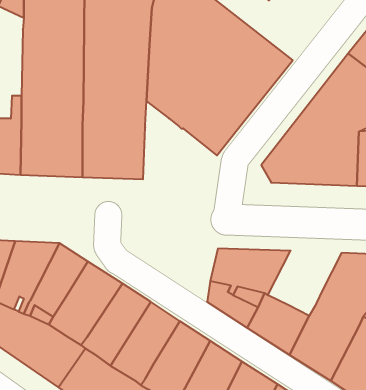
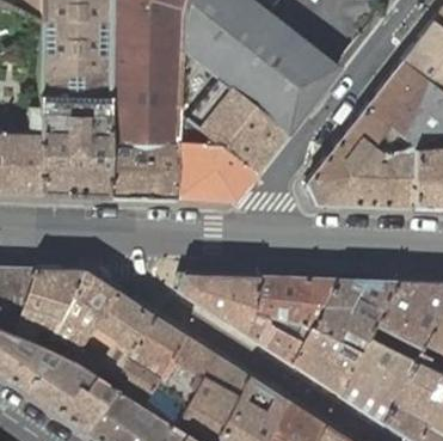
building: none -> [177,114,258,201]
building: none -> [179,274,259,335]
building: none -> [314,278,395,338]

